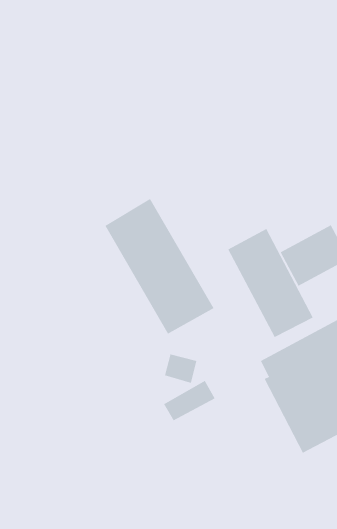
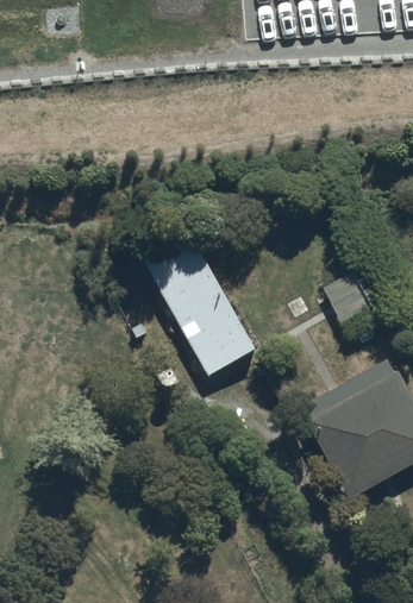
building: [228,228,313,338] -> none

